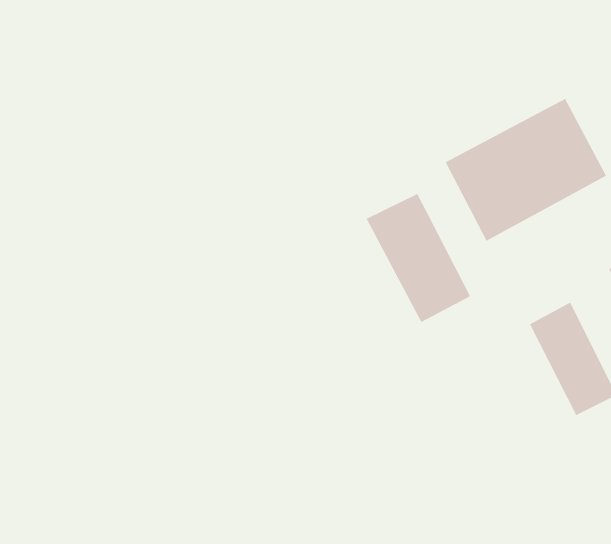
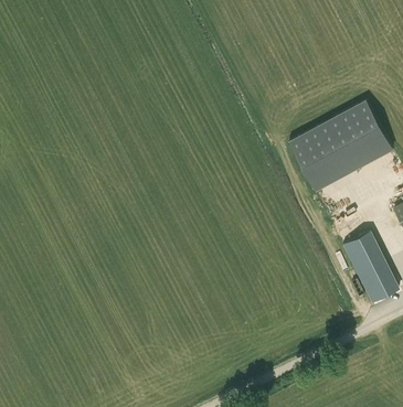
building: [366,193,471,323] -> none

